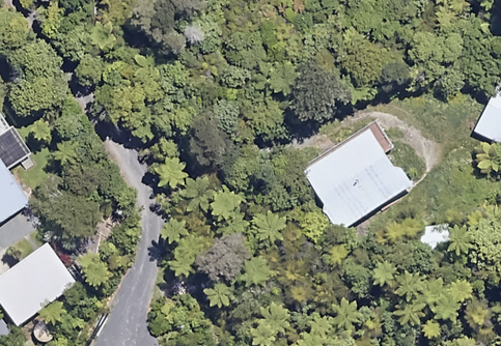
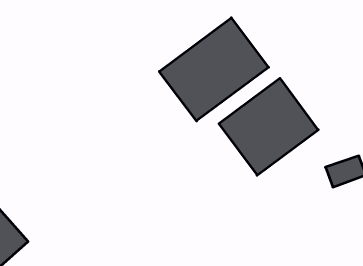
building: none -> [159,18,269,121]

